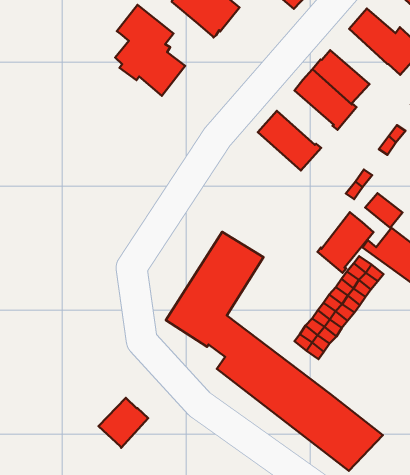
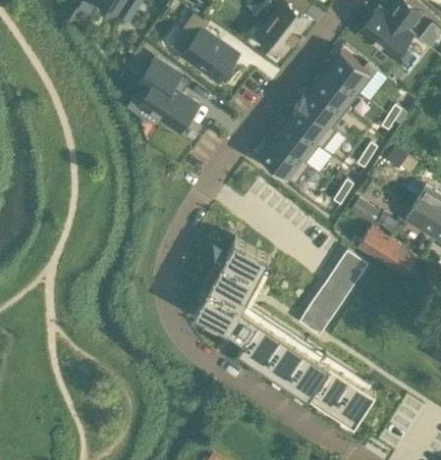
building: none -> [313,66,360,110]
building: none -> [273,119,320,162]
building: [317,212,373,273] -> none
building: [98,398,148,448] -> none

